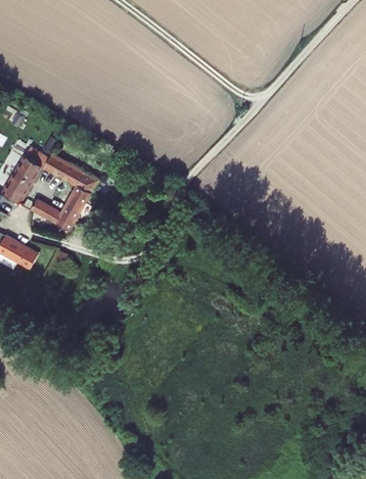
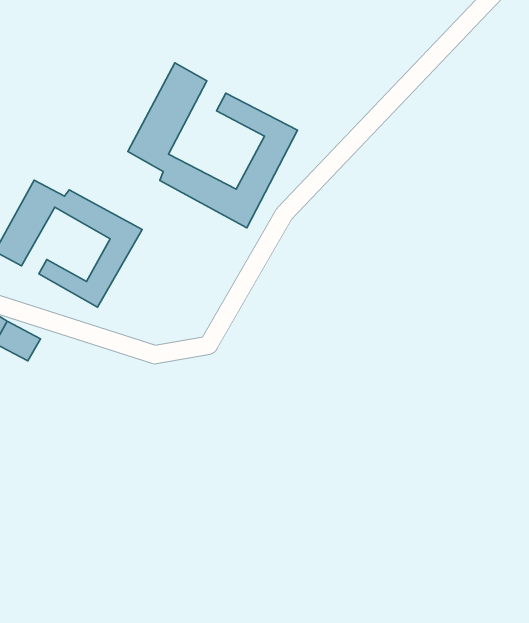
building: none -> [128,63,297,228]

